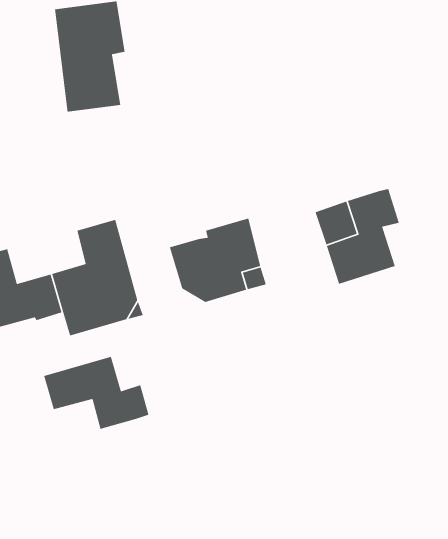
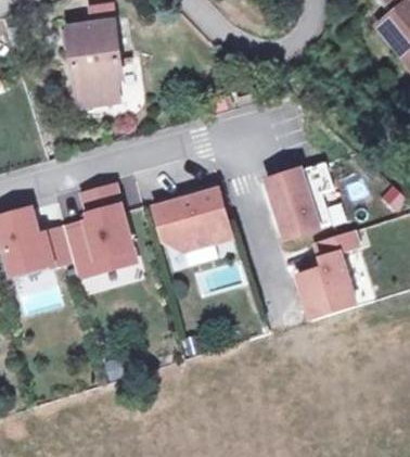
building: none -> [297,231,357,321]
building: [43,356,149,430] -> none

